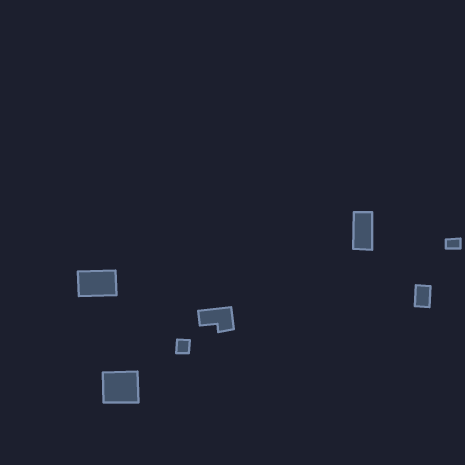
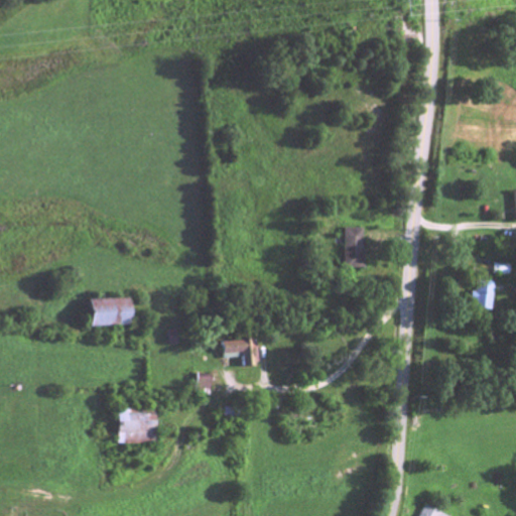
building: [353,212,372,250] -> [347,227,368,268]
building: [415,285,430,307] -> [478,279,495,303]

